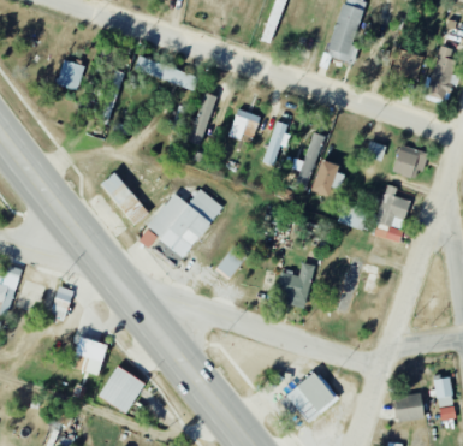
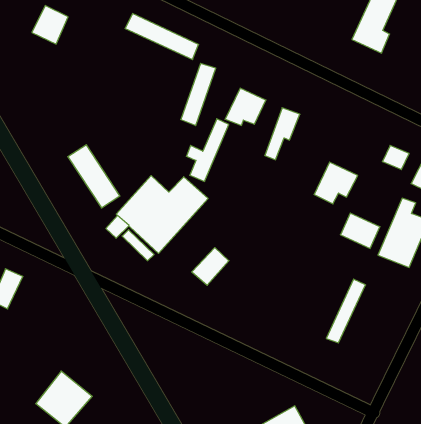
building: [291,132,323,186] -> [186,119,229,181]
building: [275,262,314,307] -> none
building: [73,337,106,375] -> none

